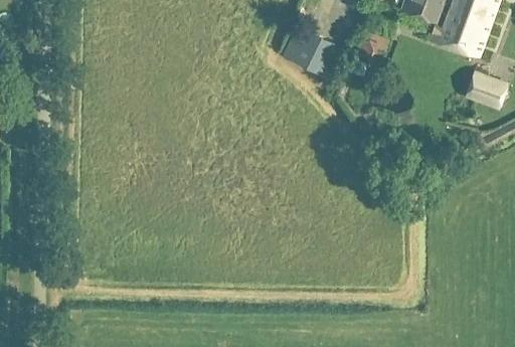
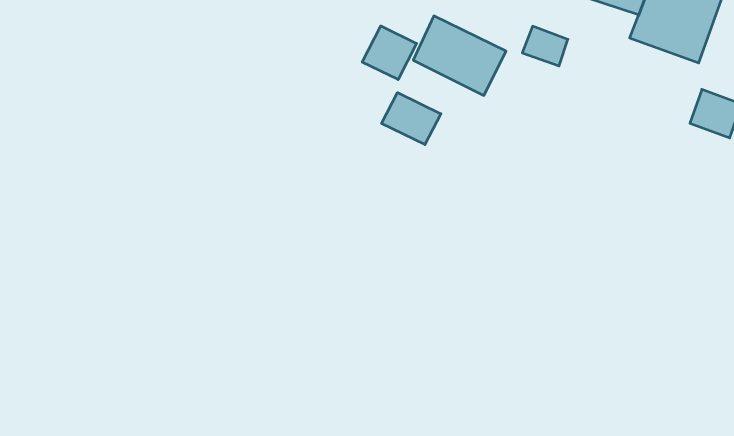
building: none -> [362,26,417,80]
building: none -> [382,93,441,145]

